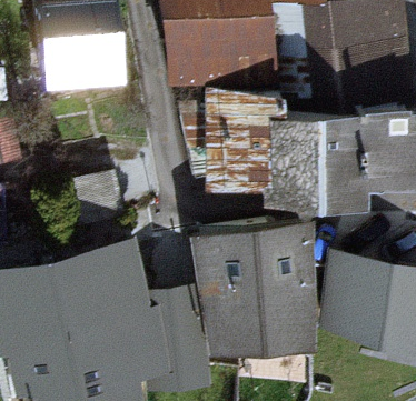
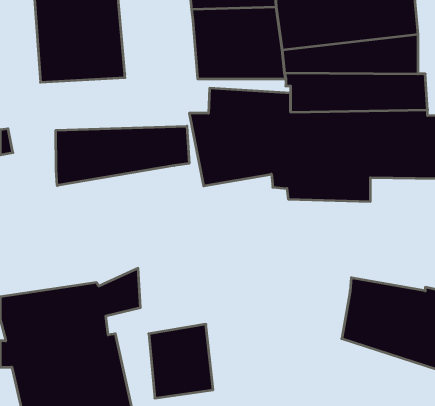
building: none -> [56,126,189,186]
building: [202,233,304,343] -> none

